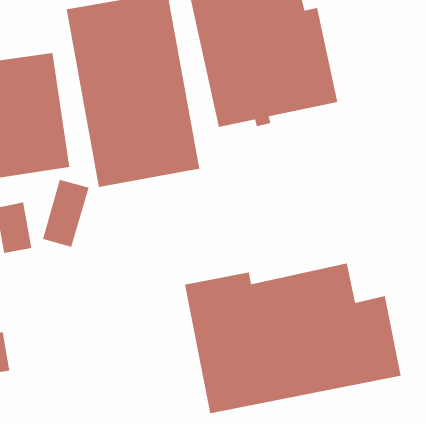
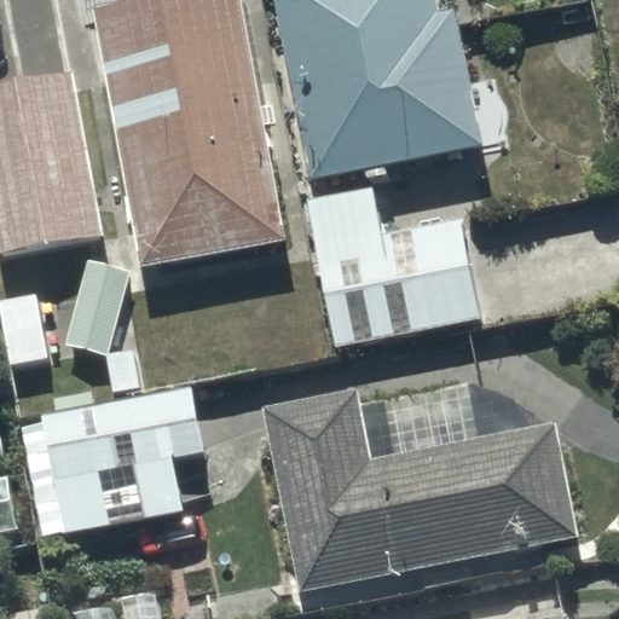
building: none -> [303,186,481,347]
building: none -> [18,386,207,537]

